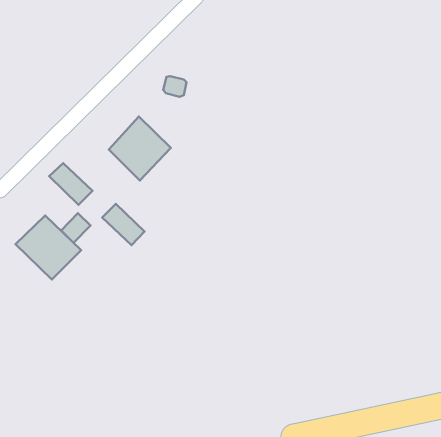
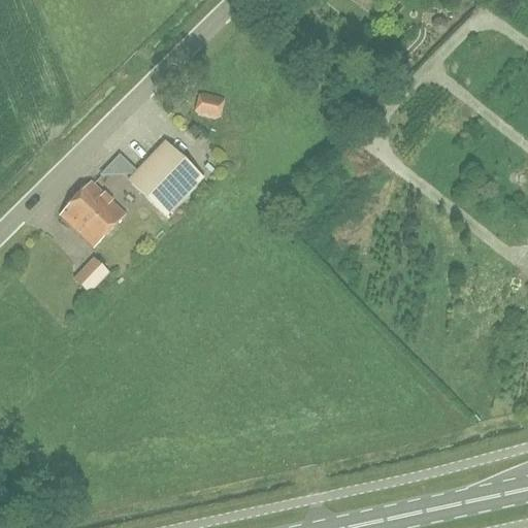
building: [102,204,144,245] -> [75,178,126,228]
building: [16,216,81,280] -> none

